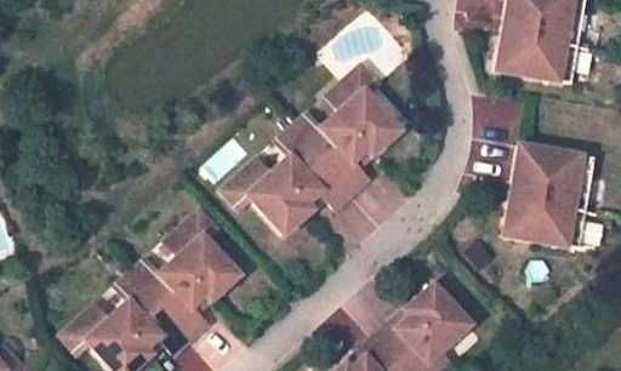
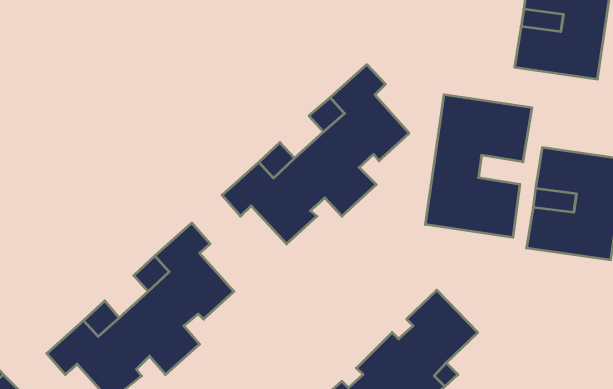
building: none -> [425,95,532,237]

